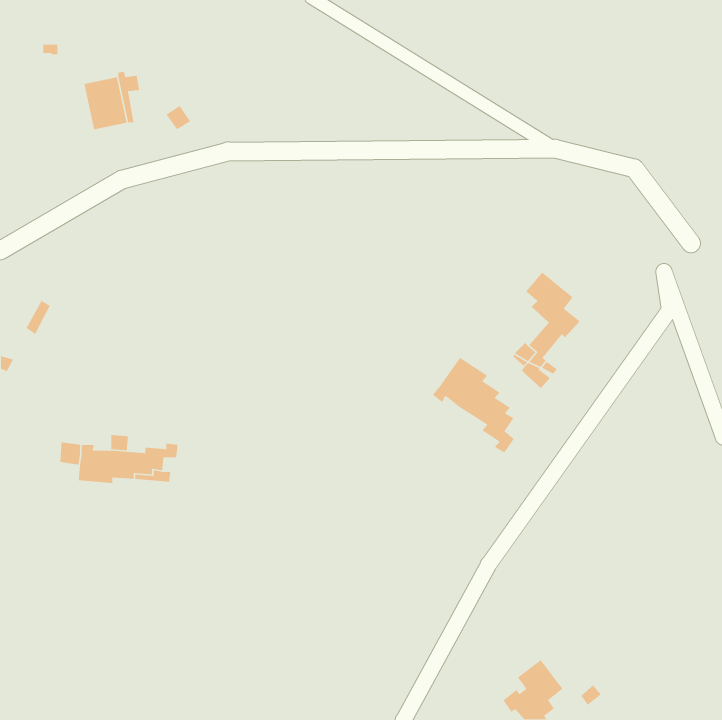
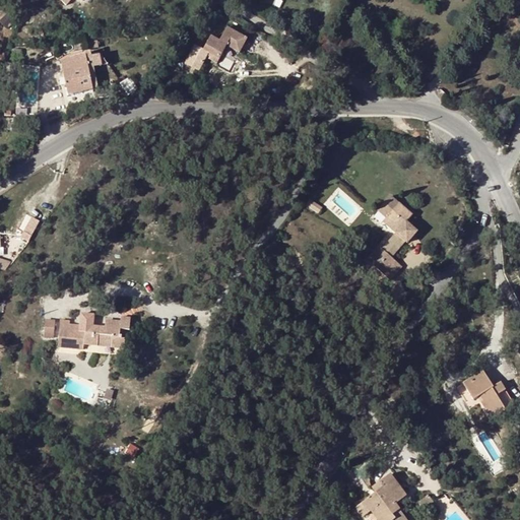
building: none -> [185,26,246,70]
building: [432,357,515,454] -> none
building: none -> [461,371,514,418]

